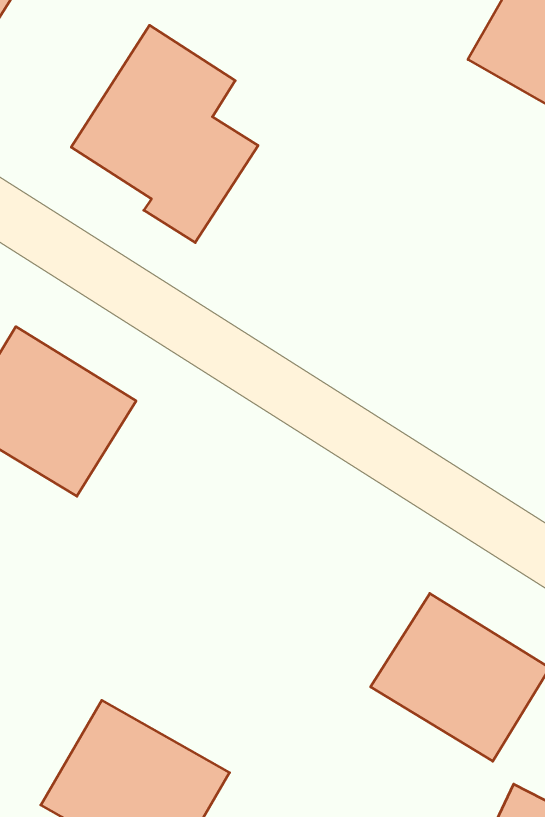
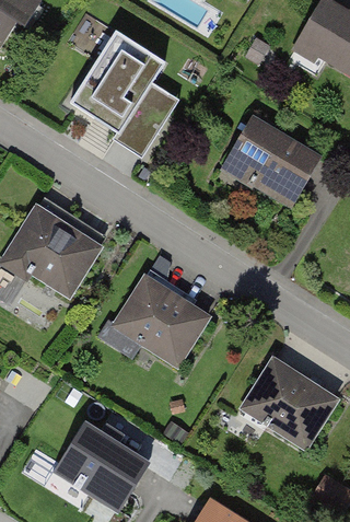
building: none -> [222,114,324,210]
building: none -> [112,274,212,368]

